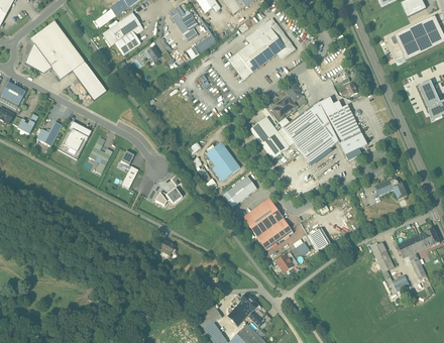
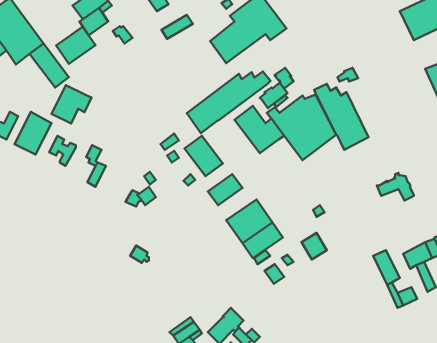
building: none -> [56,27,95,64]
building: none -> [187,71,271,133]
building: none -> [51,85,91,123]

